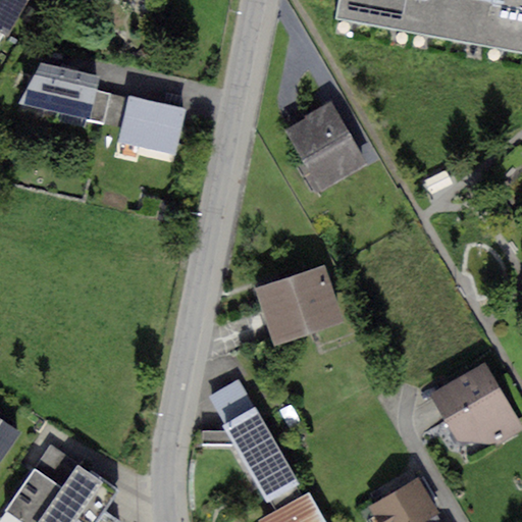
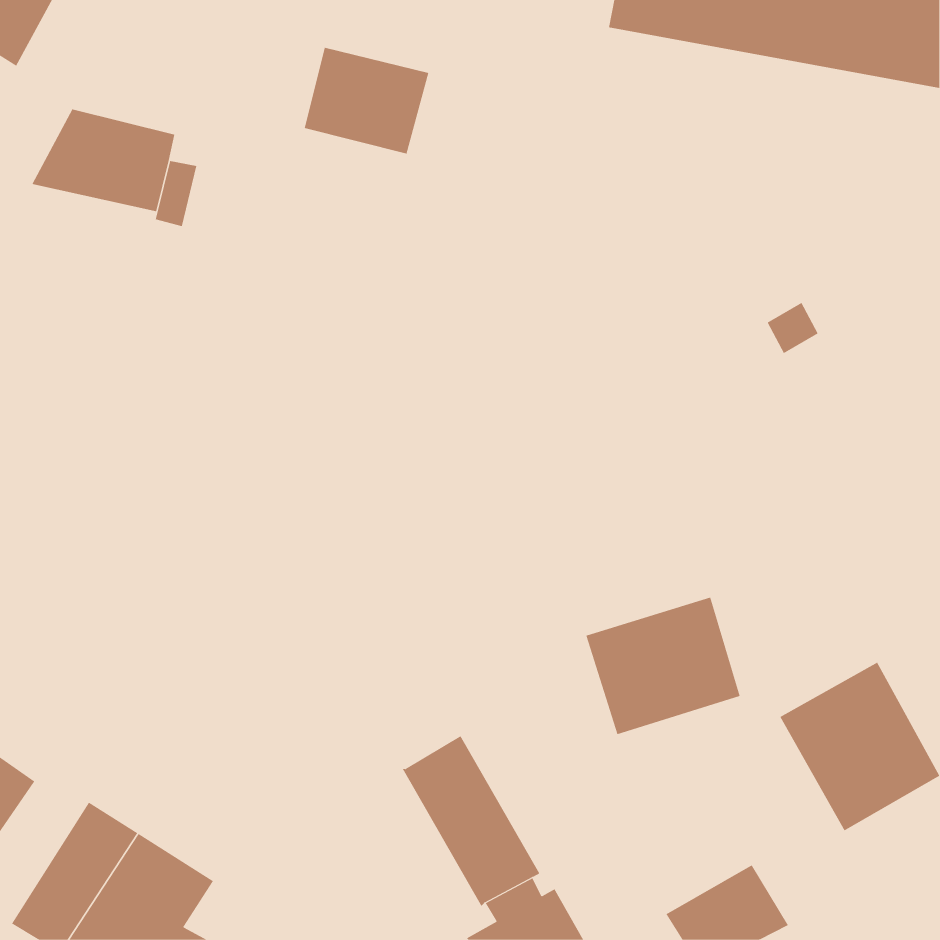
building: [117,96,187,155] -> [304,47,429,154]
building: [284,103,367,195] -> none
building: [255,267,341,344] -> [586,597,740,735]
building: [208,378,255,425] -> none

